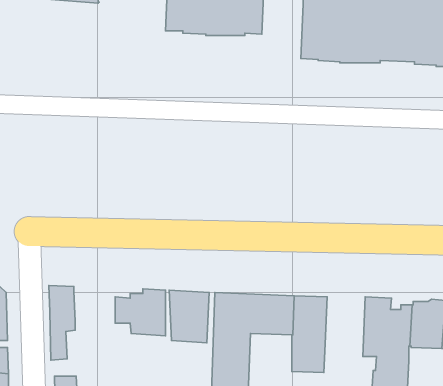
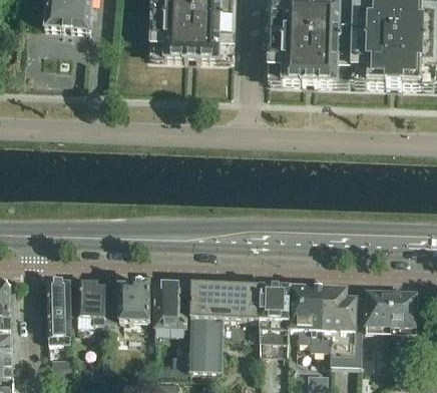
building: none -> [68,279,105,322]
building: none -> [288,286,333,351]

